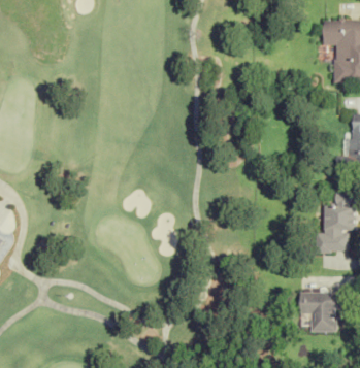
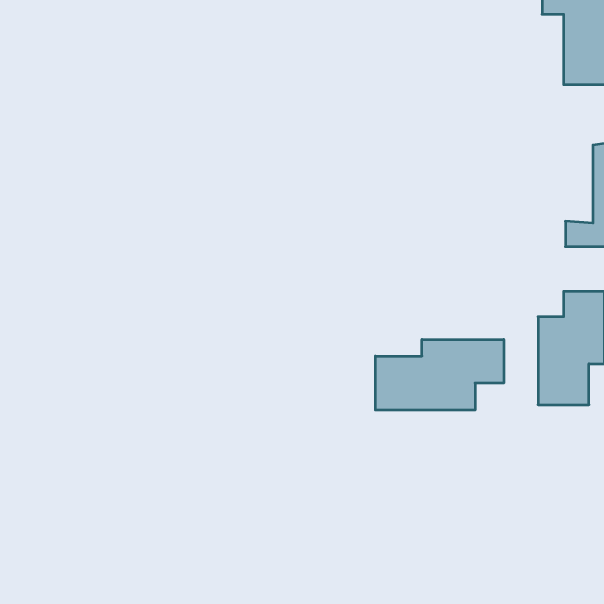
building: none -> [375,339,504,410]
building: [300,293,338,333] -> none

